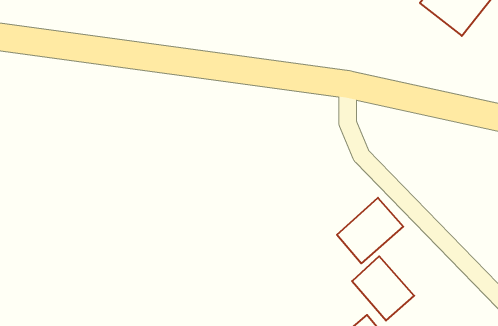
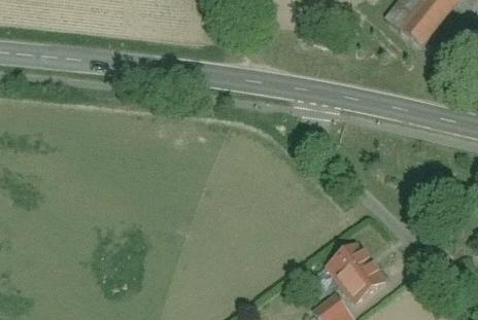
building: [337,198,403,263] -> none

